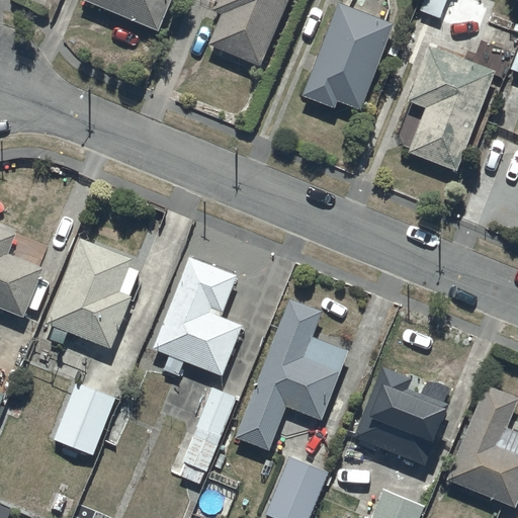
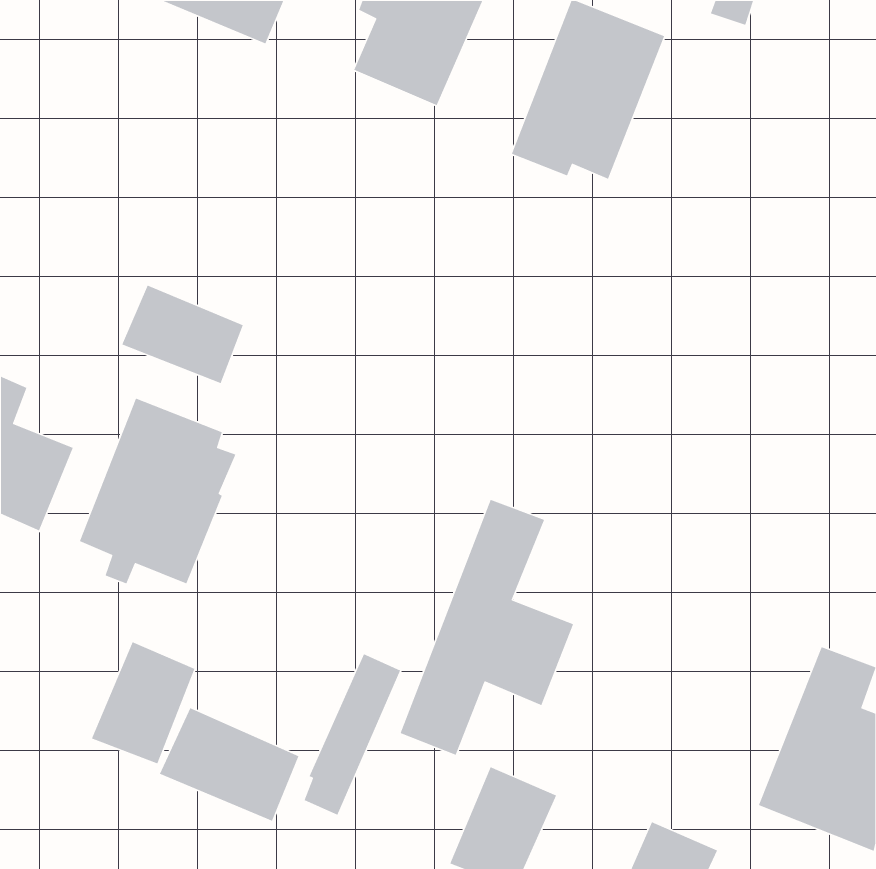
building: [408,45,494,170] -> none
building: none -> [121,284,244,384]
building: [152,257,243,377] -> none
building: [353,365,450,465] -> none
building: none -> [159,707,299,822]

